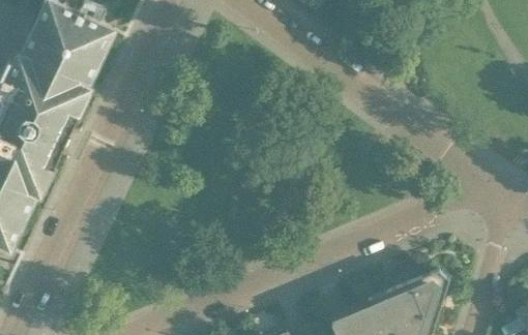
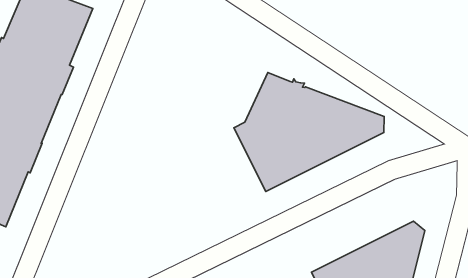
building: none -> [234,72,384,191]

